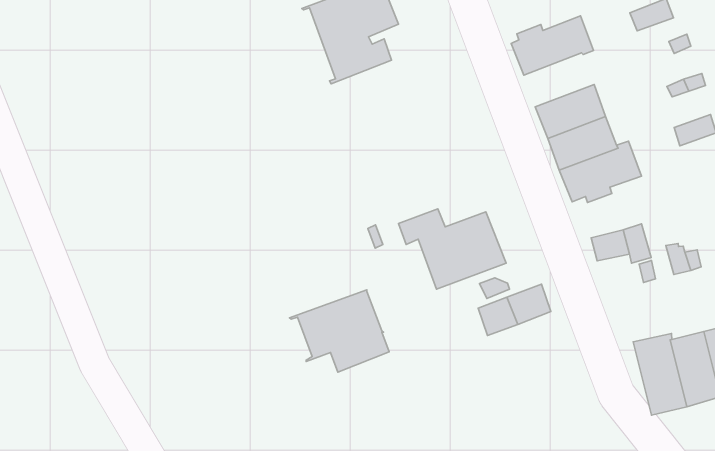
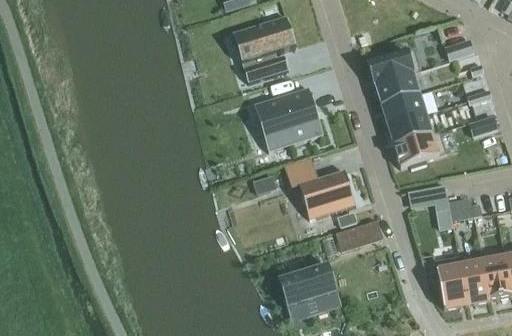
building: none -> [374,72,419,105]
building: none -> [253,88,322,145]
building: [290,290,389,372] -> [277,265,340,317]

